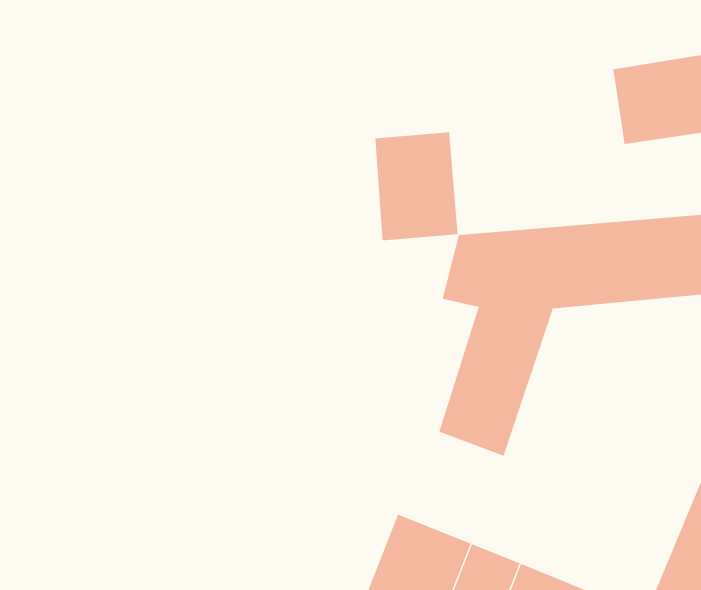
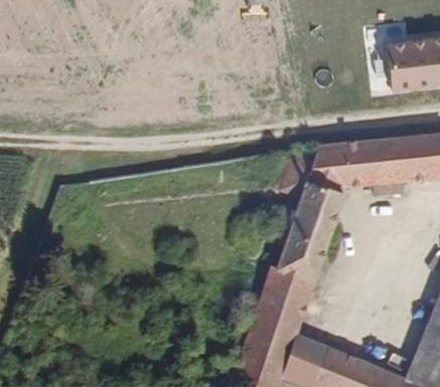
building: [375,132,458,241] -> none
building: none -> [253,263,318,334]

